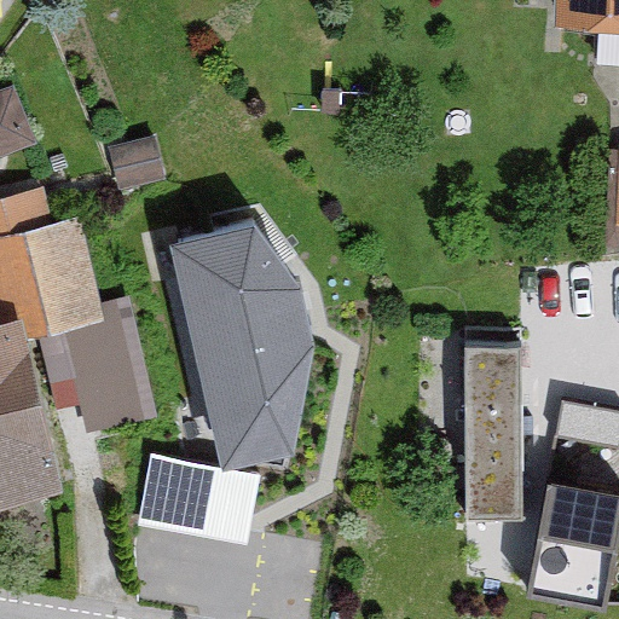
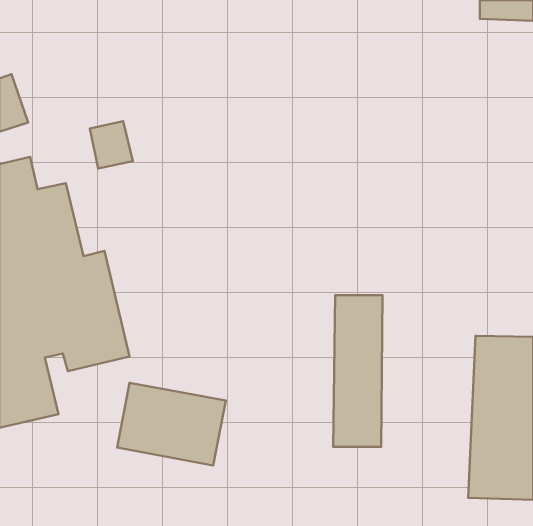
building: [170,204,313,456] -> none
building: [463,351,520,526] -> [333,295,382,447]

